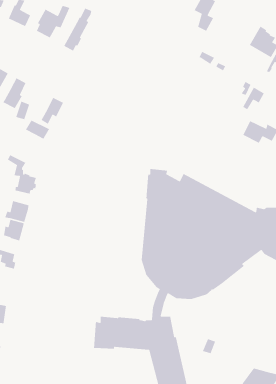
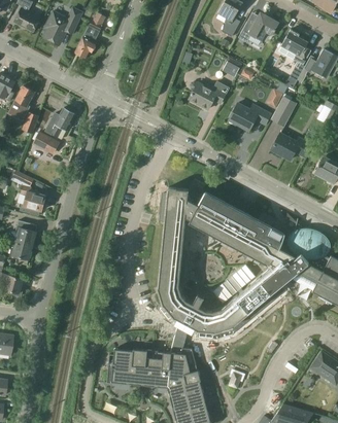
building: none -> [238,14,278,41]
building: none -> [189,82,229,108]
building: none -> [228,102,272,131]

